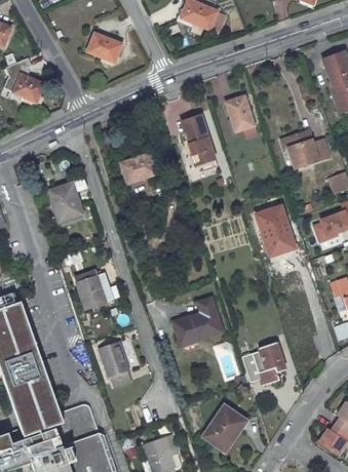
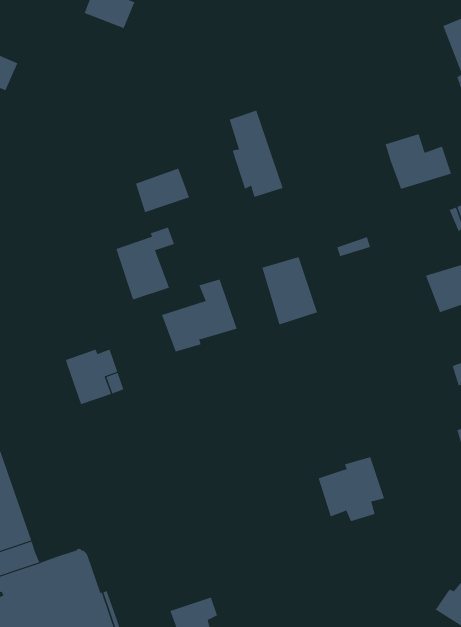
building: [226,95,255,131] -> none
building: [49,179,88,227] -> [115,227,175,300]
building: [257,206,294,251] -> [262,256,318,325]
building: [172,298,223,346] -> [161,279,237,352]
building: [99,341,131,386] -> none
building: [202,405,246,450] -> none

